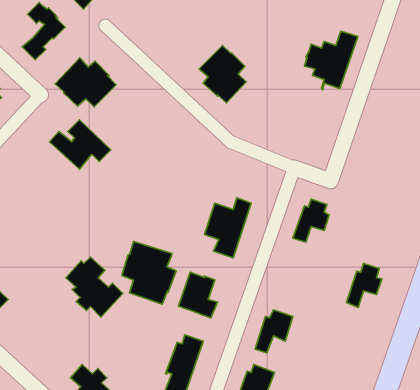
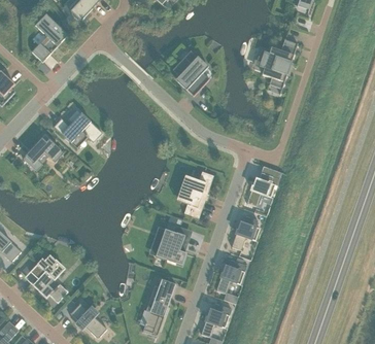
building: [55,58,116,107] -> none
building: none -> [23,134,64,170]
building: [122,242,176,304] -> none
building: [66,257,123,317] -> [30,254,75,302]
building: [347,263,382,308] -> [232,214,260,249]

